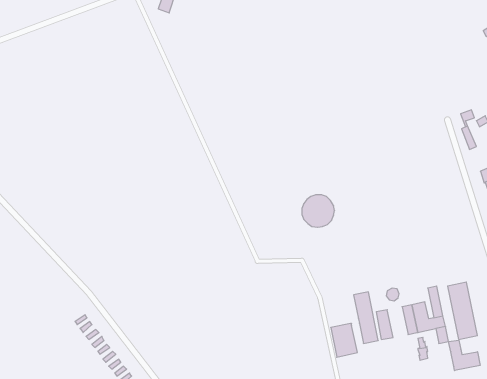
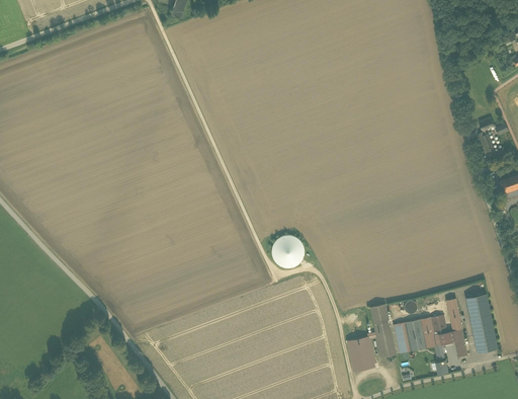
building: [302,195,335,227] -> [271,235,305,268]
building: none -> [405,320,426,351]
building: [449,340,480,371] -> none

